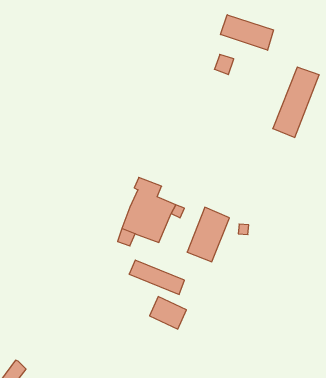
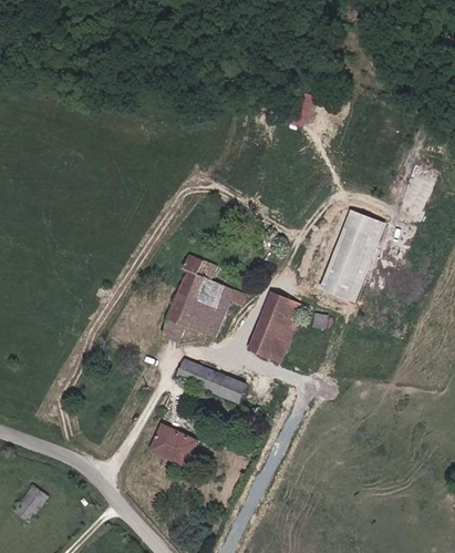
building: [221,15,273,50] -> none
building: [273,67,319,137] -> [320,211,379,299]
building: [150,297,186,329] -> [151,424,197,465]

